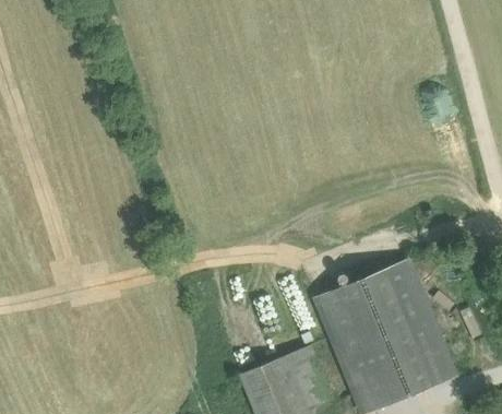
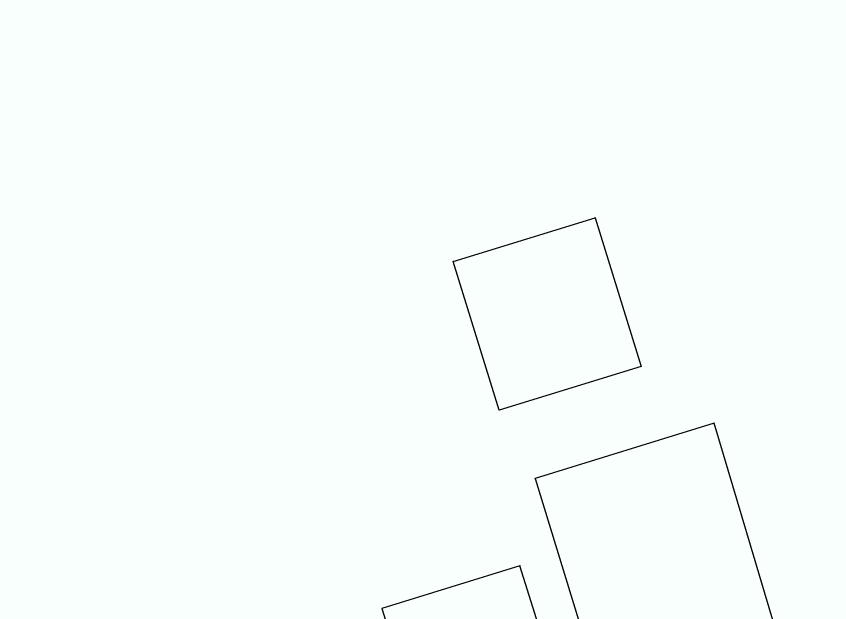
building: none -> [453,218,641,410]

